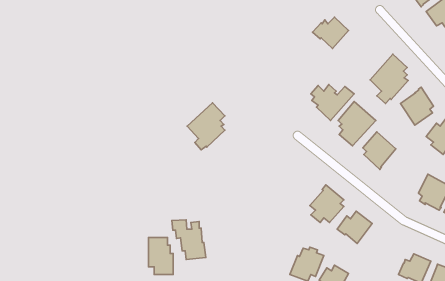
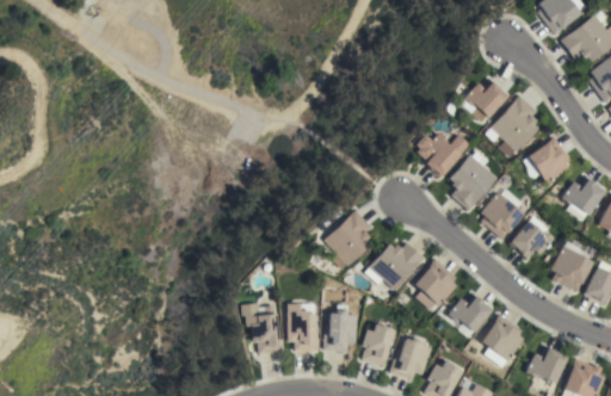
building: [313,17,349,48] -> [463,79,508,118]
building: [187,103,225,150] -> [323,210,371,270]
building: none -> [510,216,554,259]
building: none -> [365,242,424,291]
building: none -> [323,304,358,351]
building: none -> [481,314,524,361]
building: none -> [362,324,394,366]
building: [148,238,173,274] -> [288,304,319,351]

